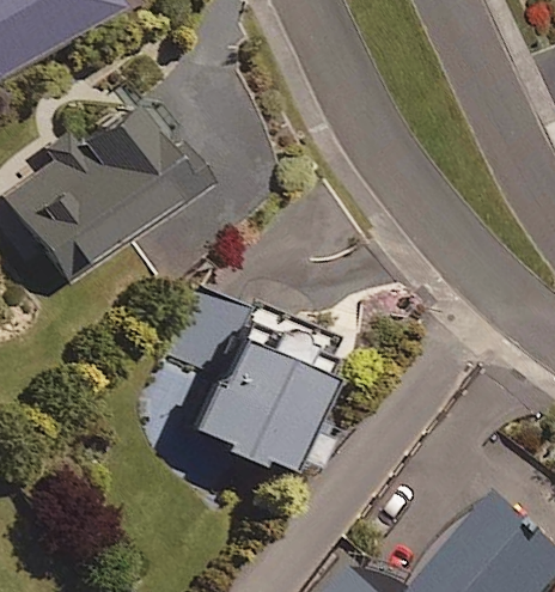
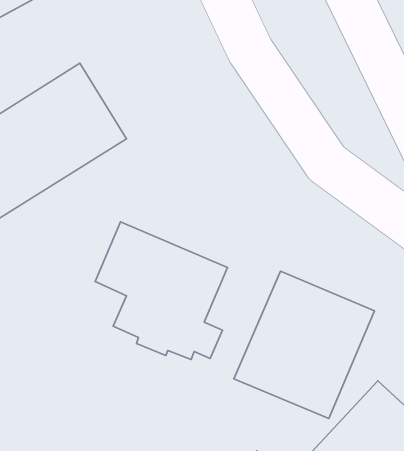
building: none -> [234,271,374,419]

